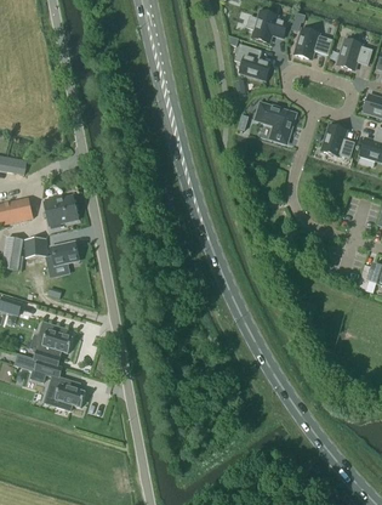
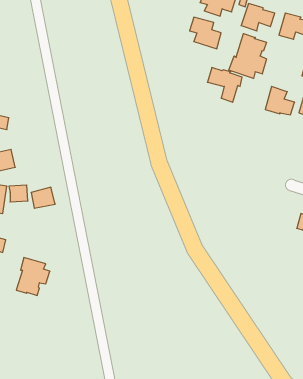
building: none -> [229,34,267,78]
building: [44,195,78,228] -> none
building: [32,362,86,410] -> none

